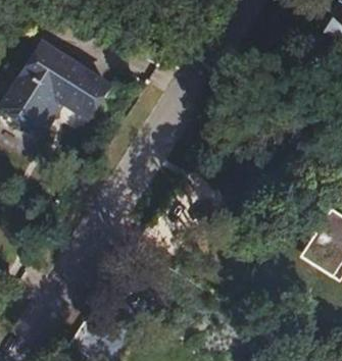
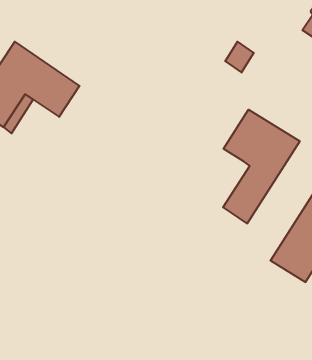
building: none -> [223,110,300,224]

